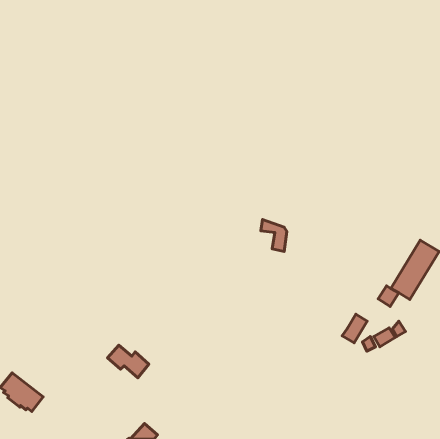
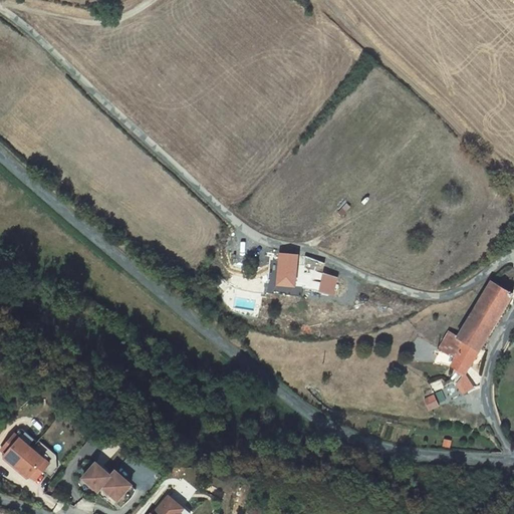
building: none -> [277,252,299,287]
building: [342,314,367,343] -> [449,341,478,374]
building: [108,345,149,378] -> [83,464,132,502]

